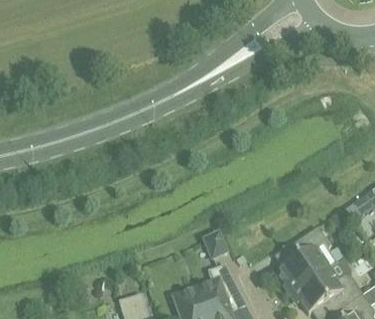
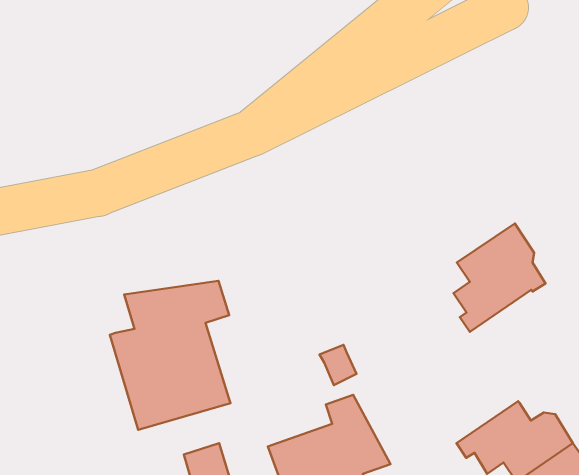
building: none -> [110,281,230,430]
building: [279,225,337,293] -> [454,224,546,332]

